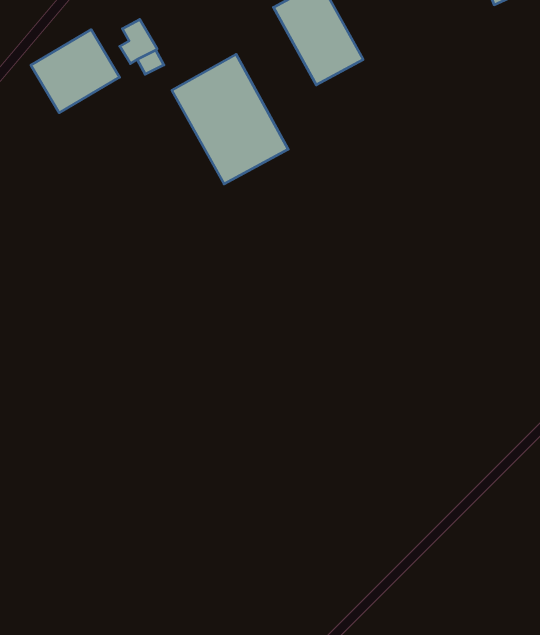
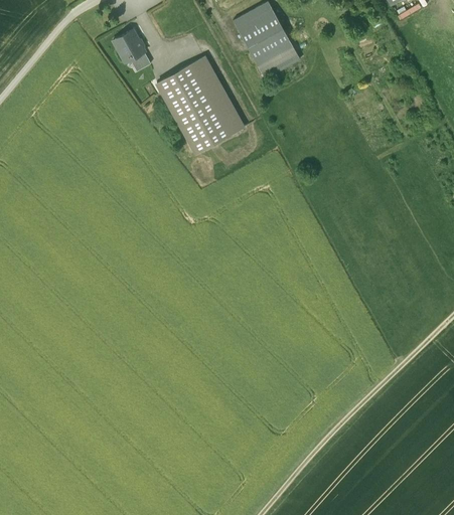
building: [31,30,120,113] -> none

